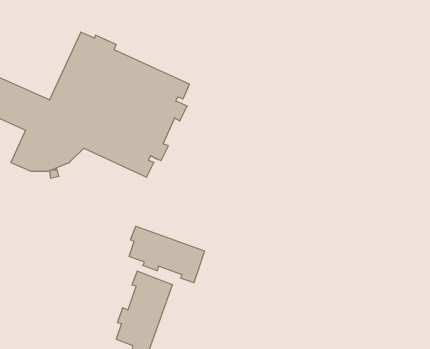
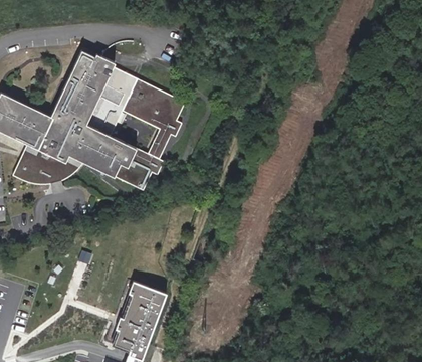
building: [129,226,204,283] -> none

